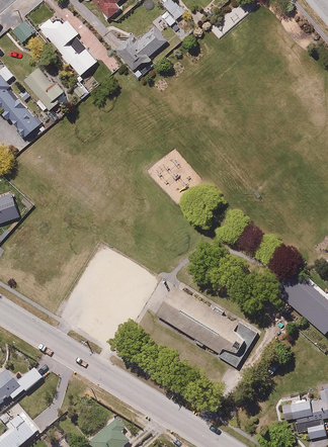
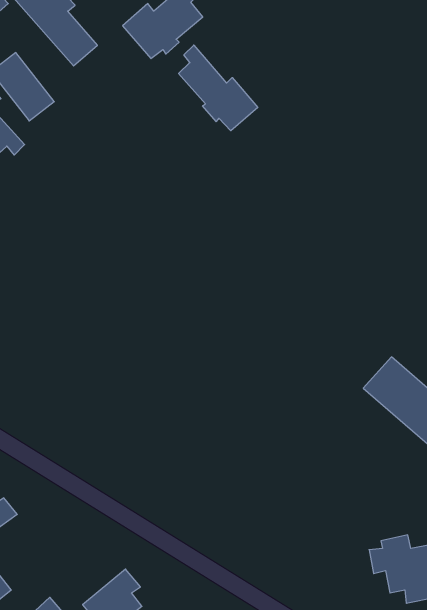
building: none -> [179,45,258,131]
building: [156,285,256,368] -> none

